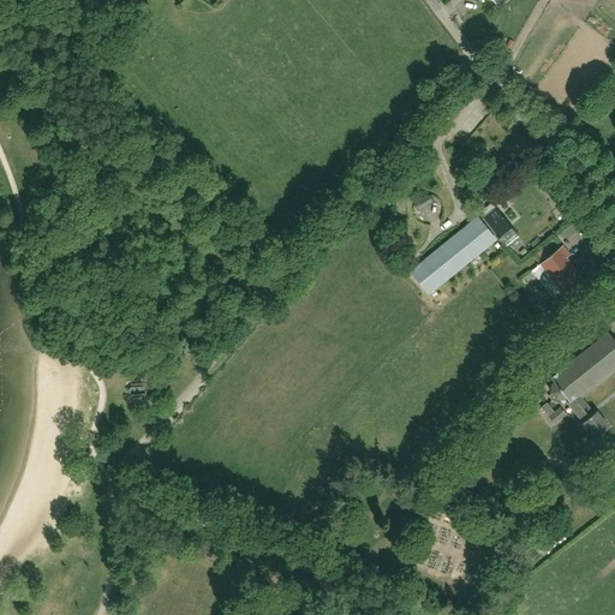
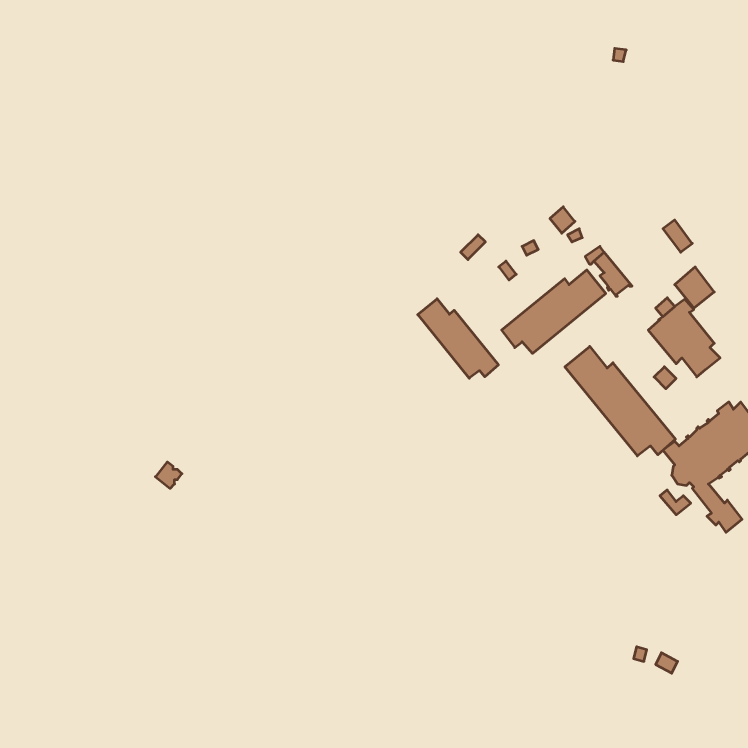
building: none -> [418,299,498,378]
building: none -> [565,346,675,456]

